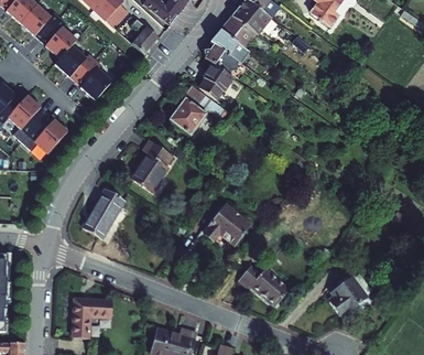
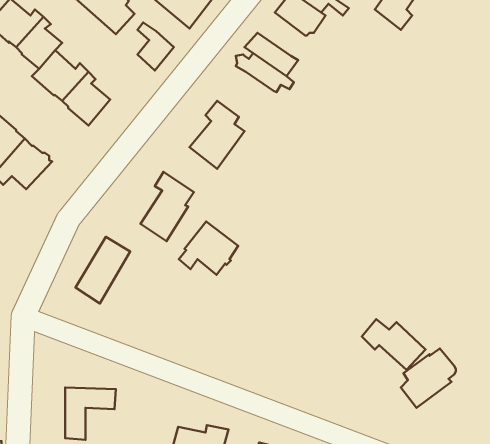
building: [220,17,257,50] -> none
building: [197,62,232,99] -> none
building: [205,204,250,245] -> [179,221,238,275]
building: [239,269,287,308] -> [362,319,425,370]

